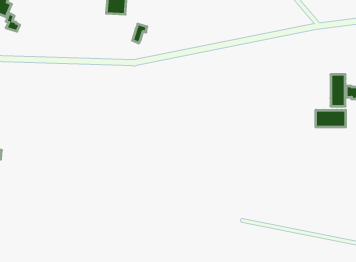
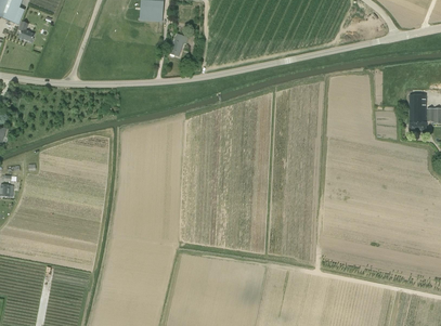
building: [316,110,346,127] -> none

